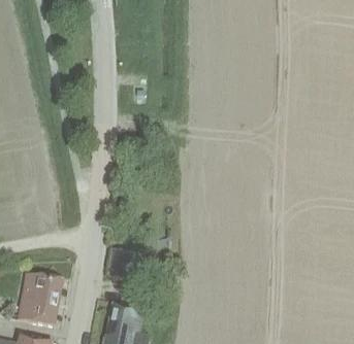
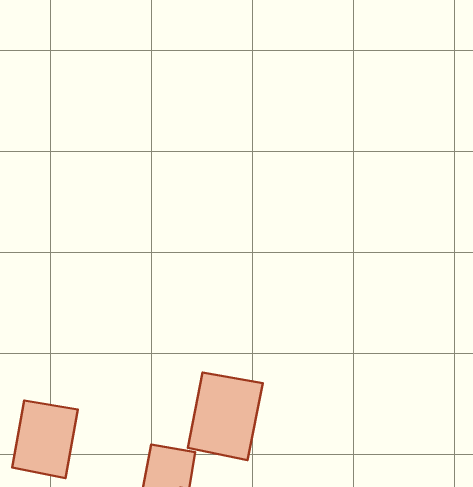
building: none -> [188,373,263,460]

